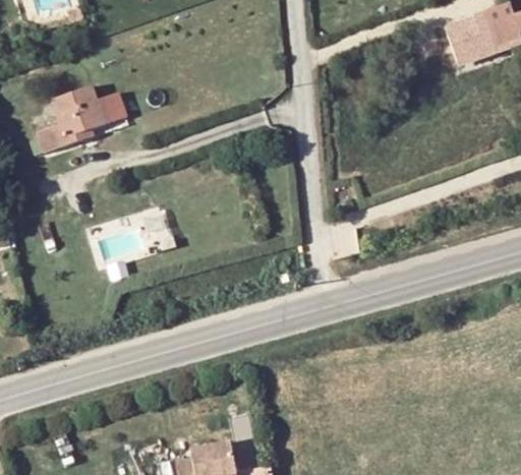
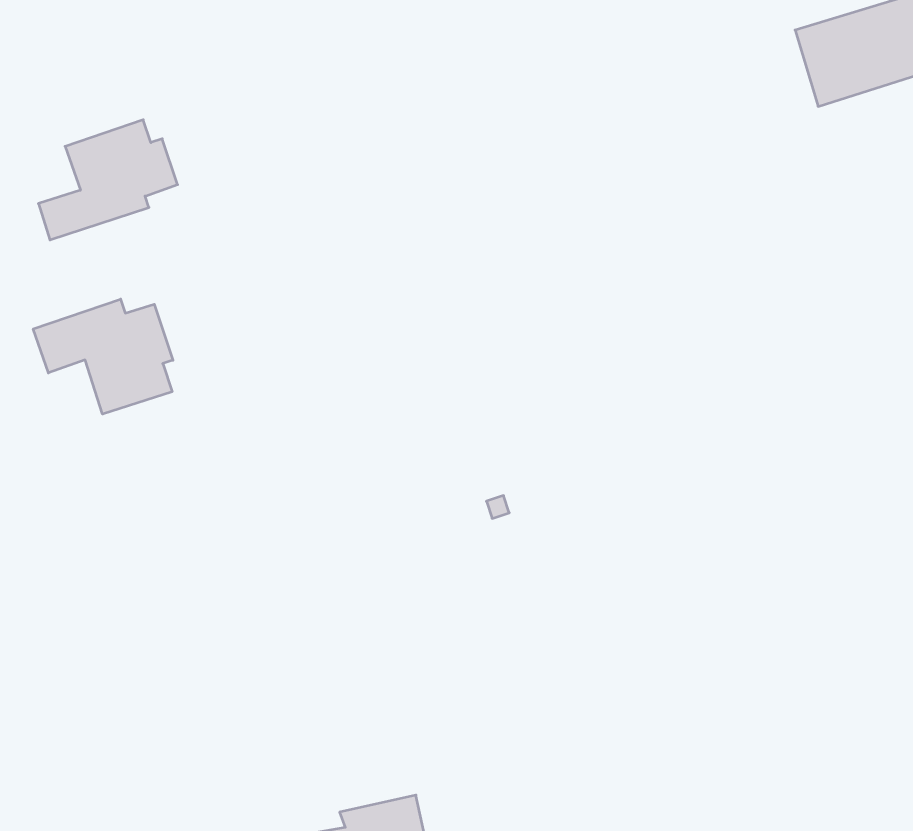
building: none -> [33,299,173,414]

